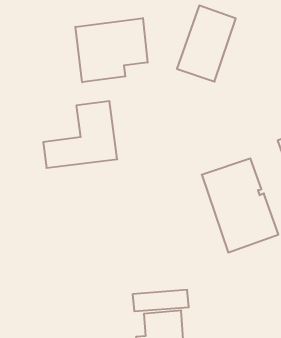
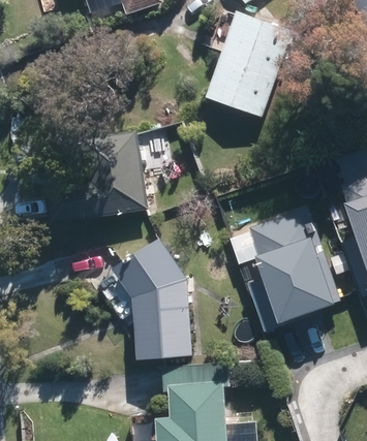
building: [75,18,148,82] -> none
building: none -> [120,245,191,359]

